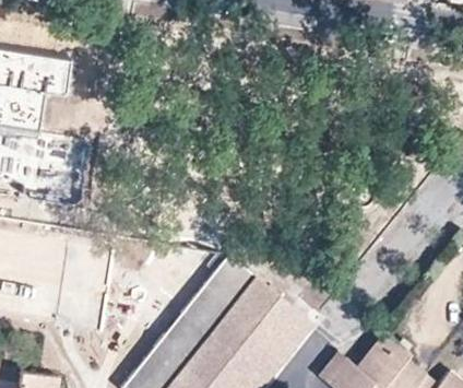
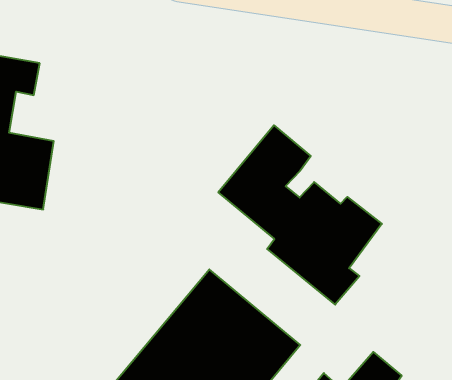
building: none -> [218,125,382,305]

